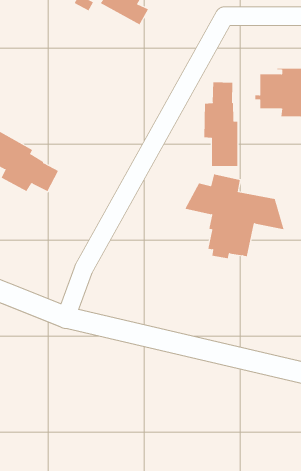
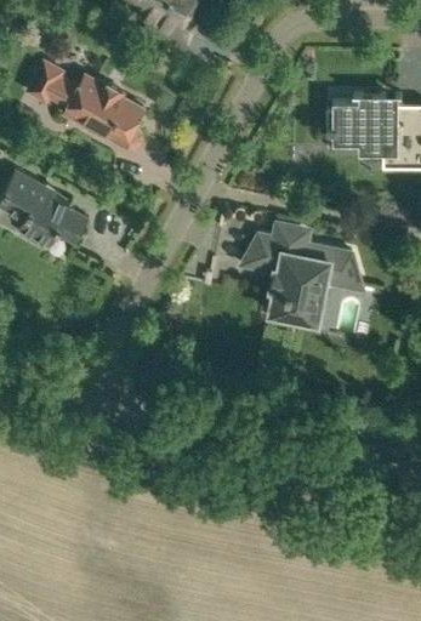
building: none -> [28,62,143,149]
building: [204,82,238,167] -> none

